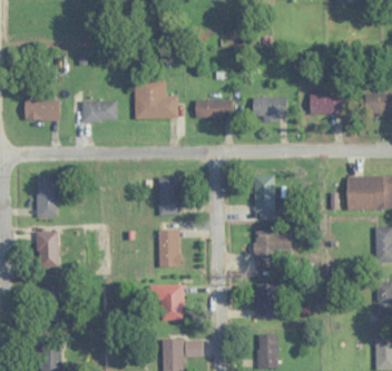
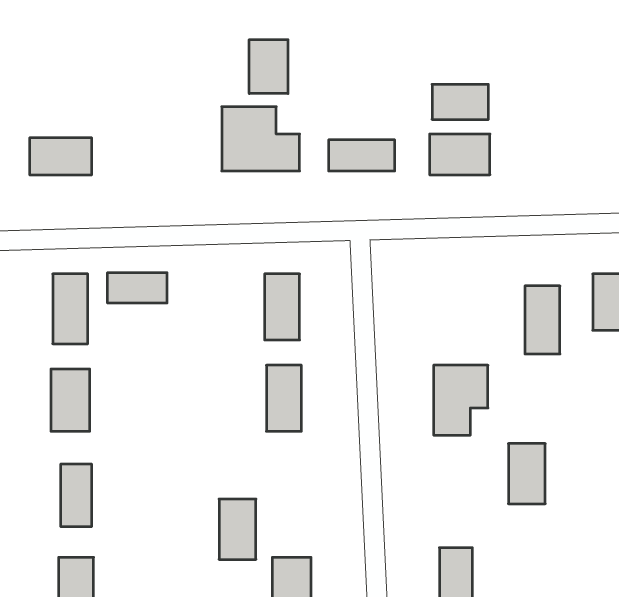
building: none -> [249,40,288,94]
building: [310,95,342,115] -> [432,84,488,119]
building: [81,101,117,121] -> none
building: [255,175,275,214] -> [525,286,560,354]
building: none -> [108,273,167,303]
building: [257,284,278,319] -> [508,444,545,504]
building: [160,285,182,320] -> [219,499,256,559]

